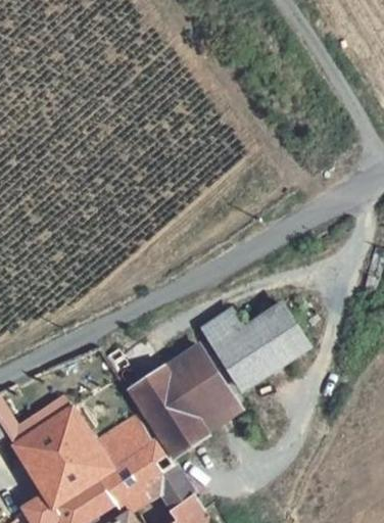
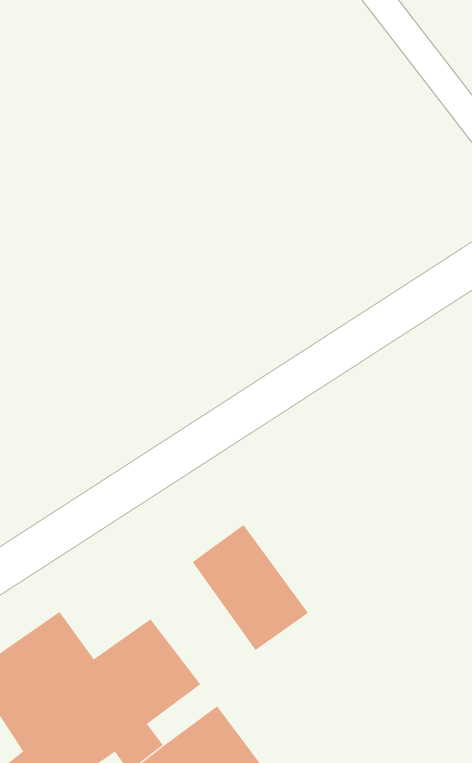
building: [200,301,305,395] -> none
building: [129,371,199,453] -> none

